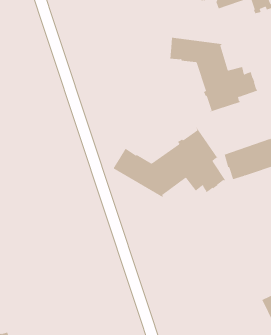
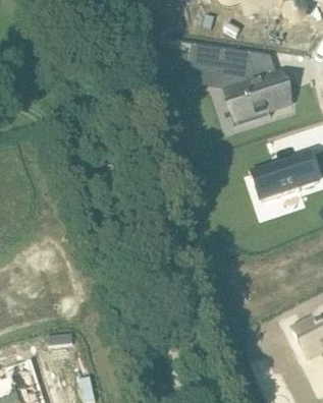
building: [113,125,226,198] -> none

